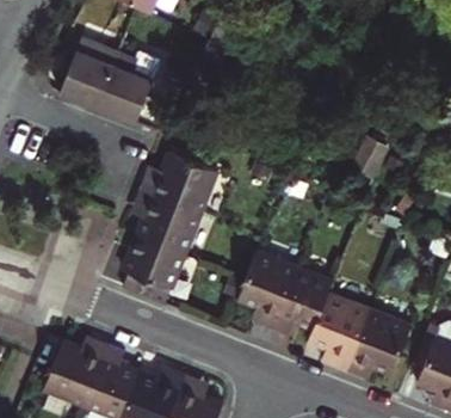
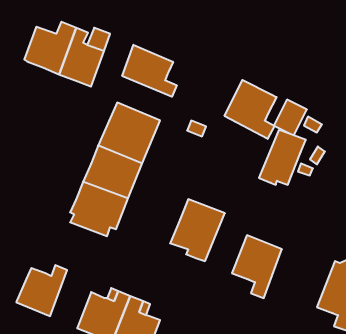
building: none -> [122,45,177,97]
building: none -> [225,80,277,139]
building: [273,272,329,338] -> [259,130,306,185]
building: [344,315,410,380] -> none
building: [88,340,137,410] -> none

